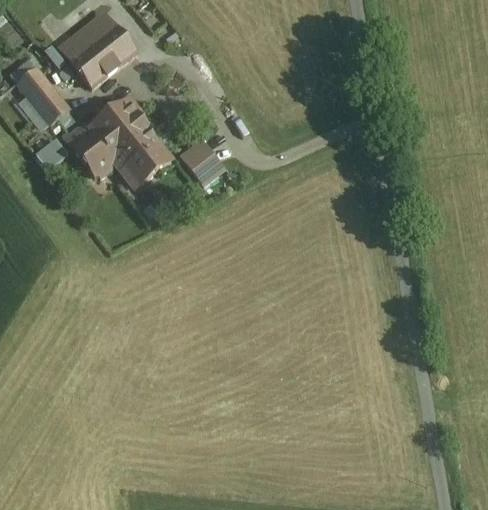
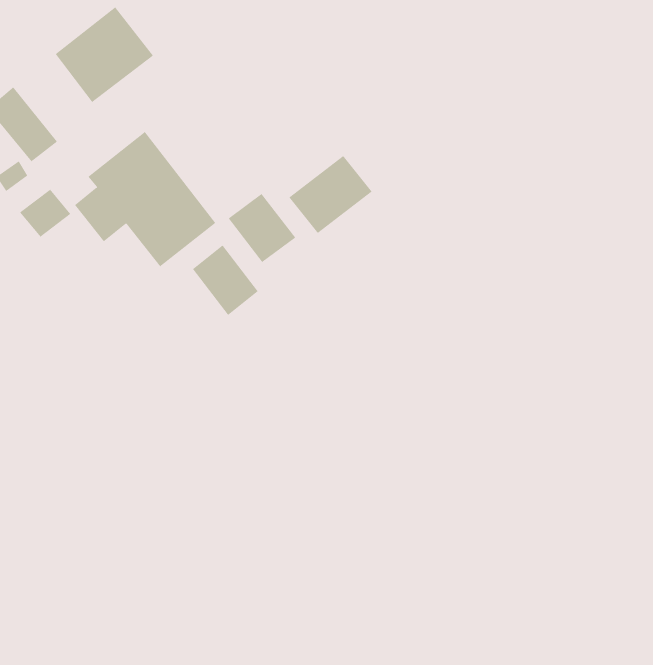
building: none -> [288,155,373,234]
building: none -> [192,245,258,316]

